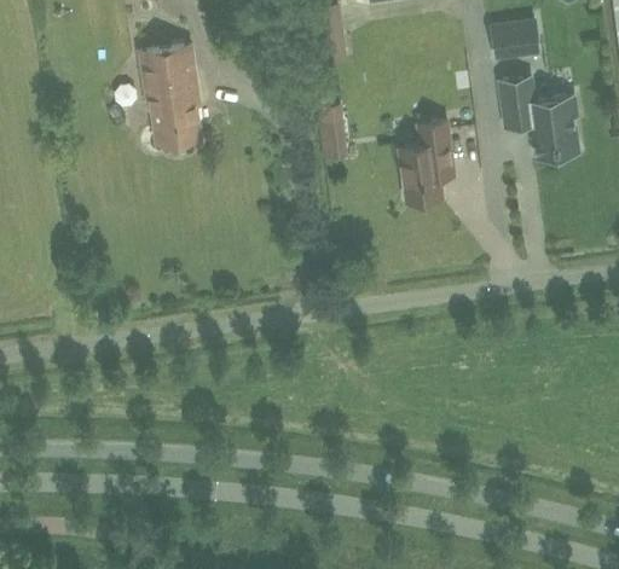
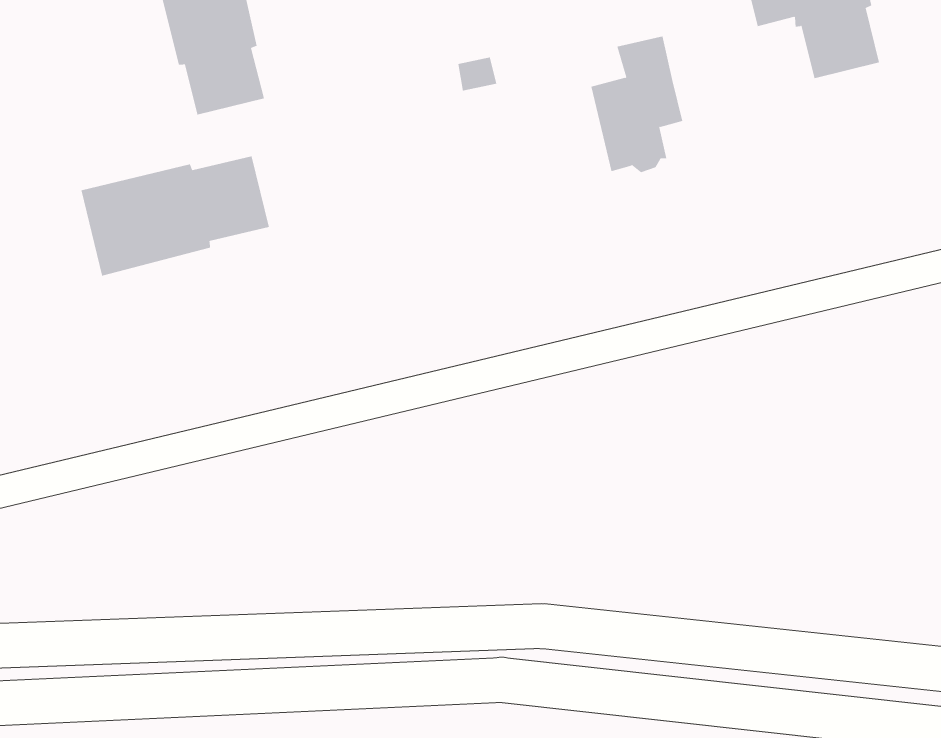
building: none -> [81,156,269,276]

